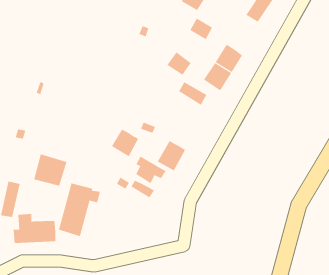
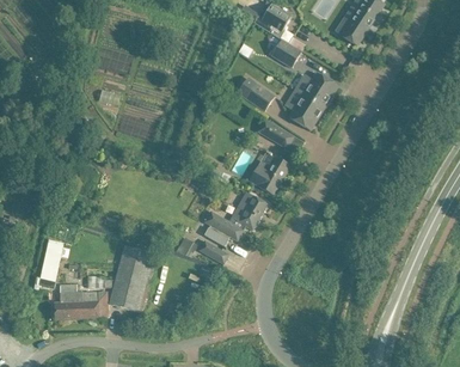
building: none -> [253,154,290,194]
building: [111,129,139,157] -> none
building: [33,154,67,187] -> none

